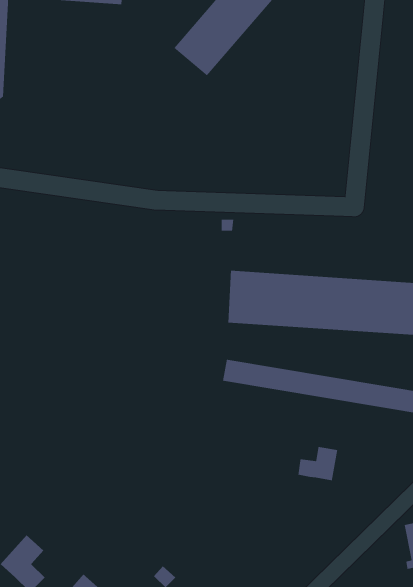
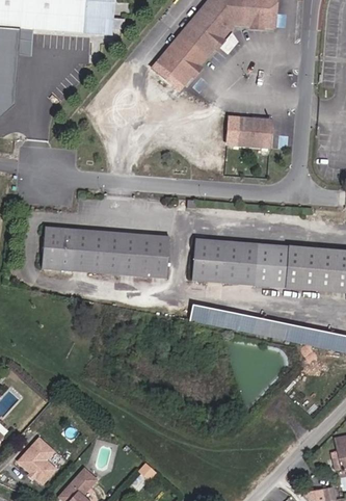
building: none -> [228,116,272,146]
building: none -> [45,228,171,278]
building: [298,446,338,481] -> none

